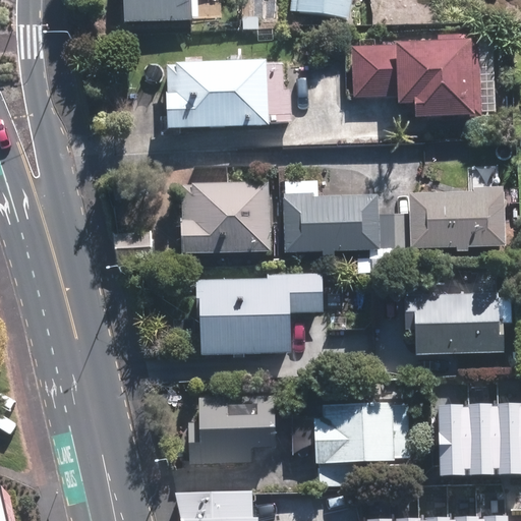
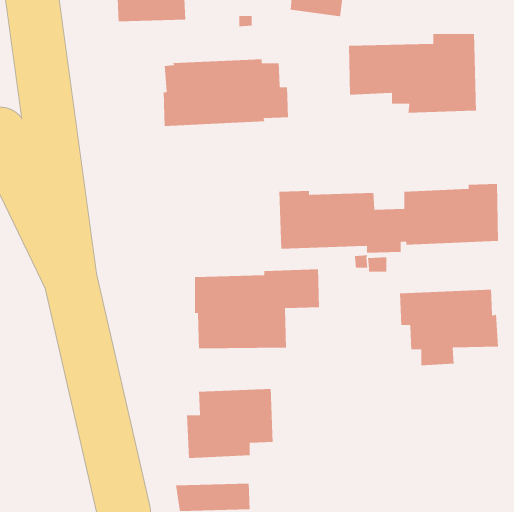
building: [180,182,271,252] -> none
building: [313,401,411,483] -> none
building: [439,403,514,473] -> none

